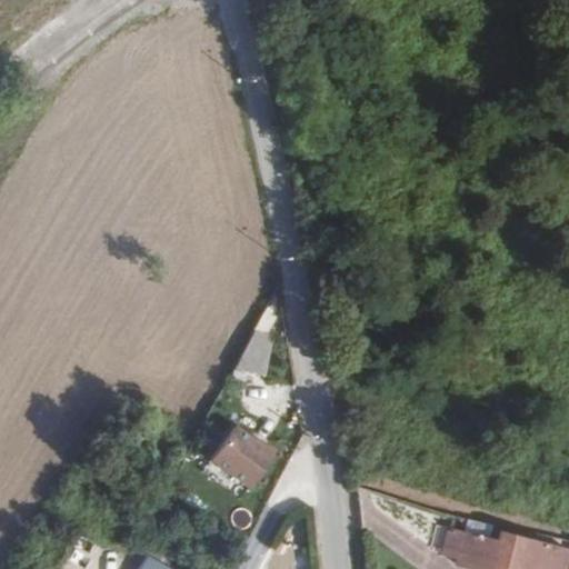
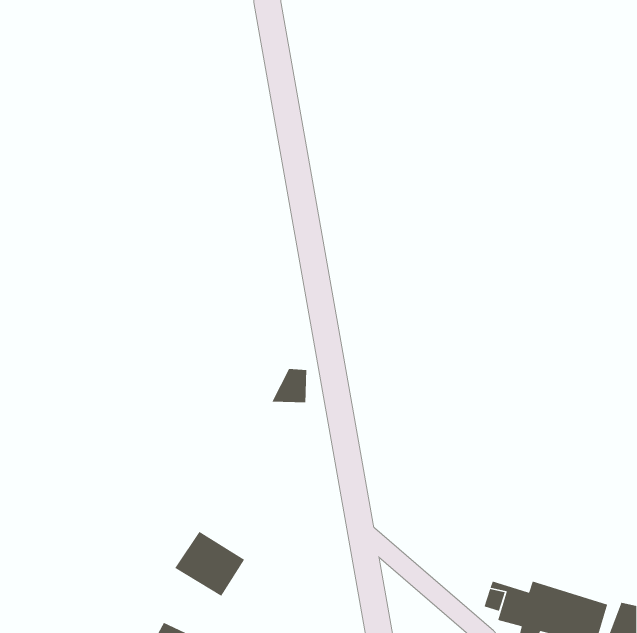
building: [211,435,274,493] -> [174,531,245,597]

